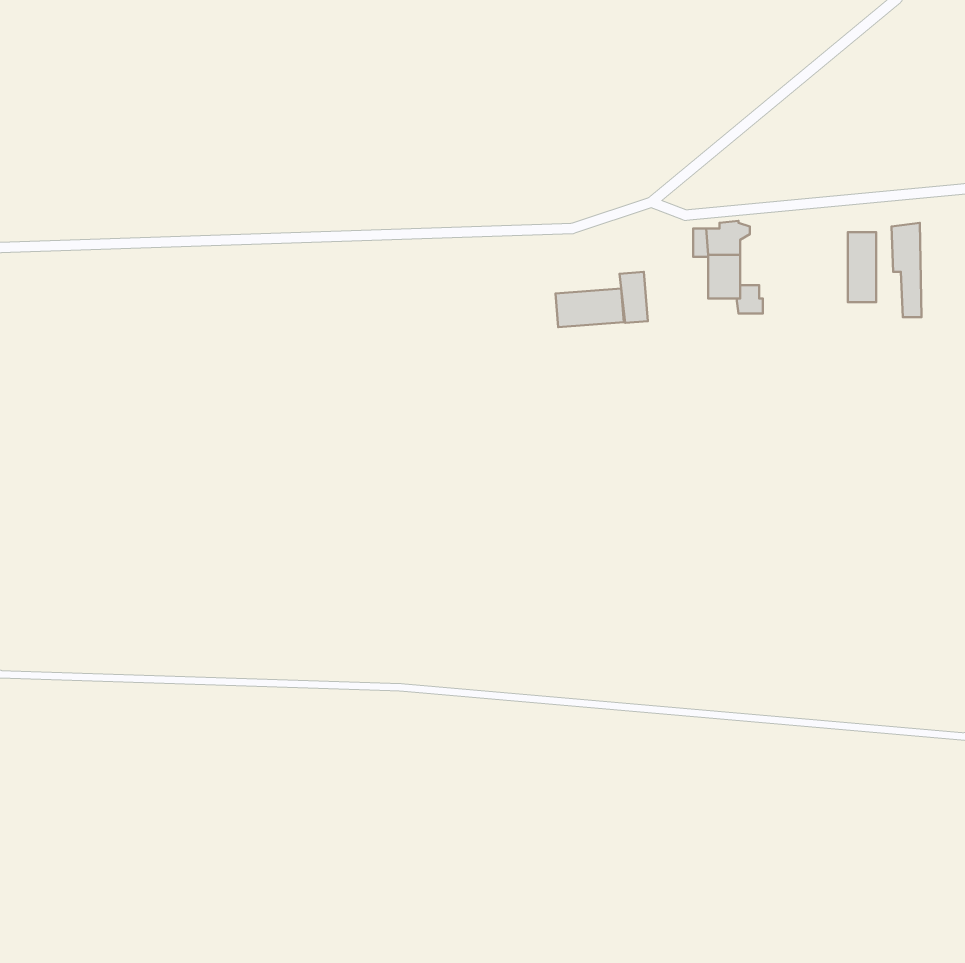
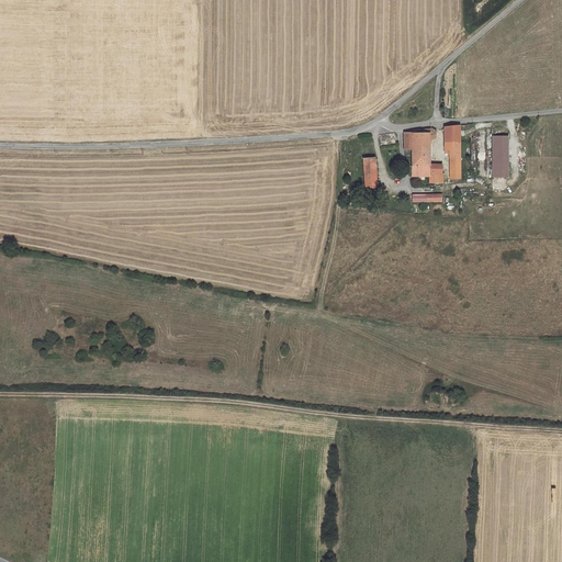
building: [891,223,922,317] -> [443,125,461,180]
building: [556,289,624,327] -> none

